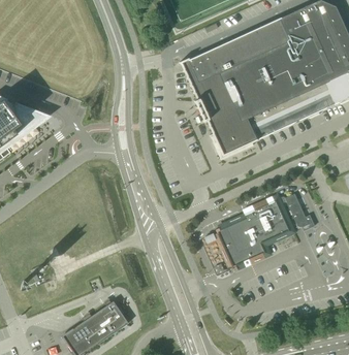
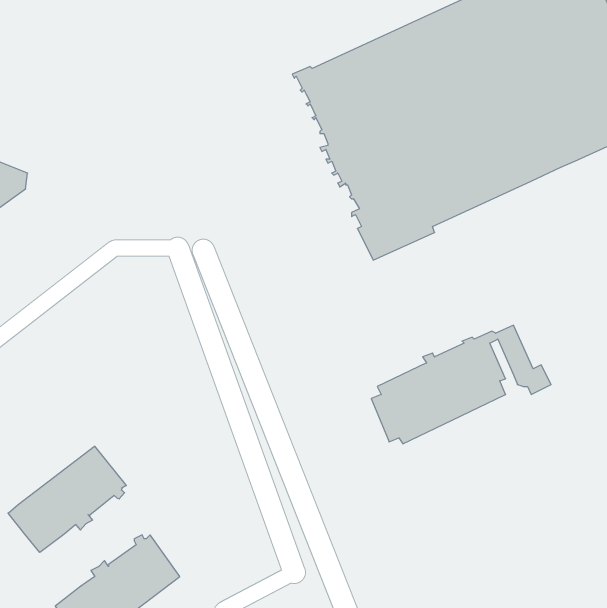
building: none -> [8,446,126,552]

